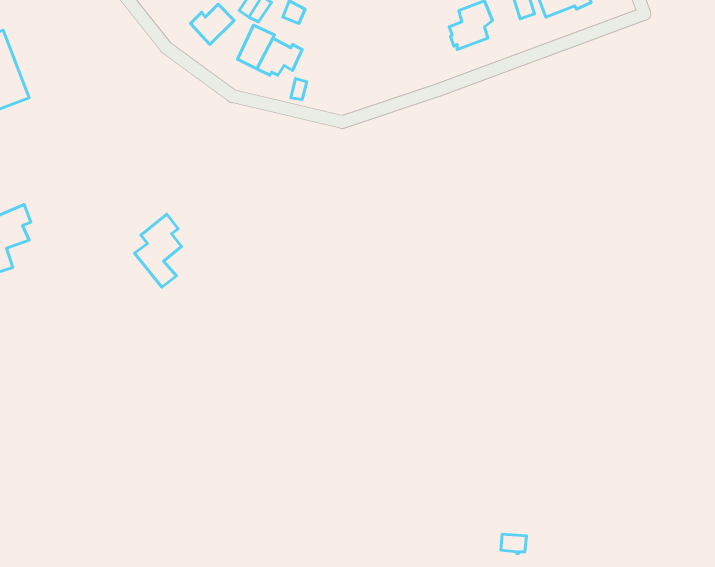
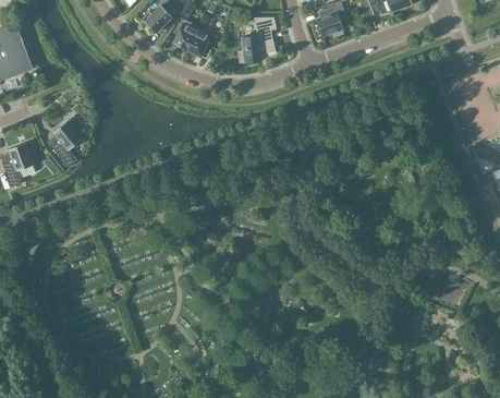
building: none -> [237,16,276,63]
building: [135,214,181,287] -> [49,118,81,167]

